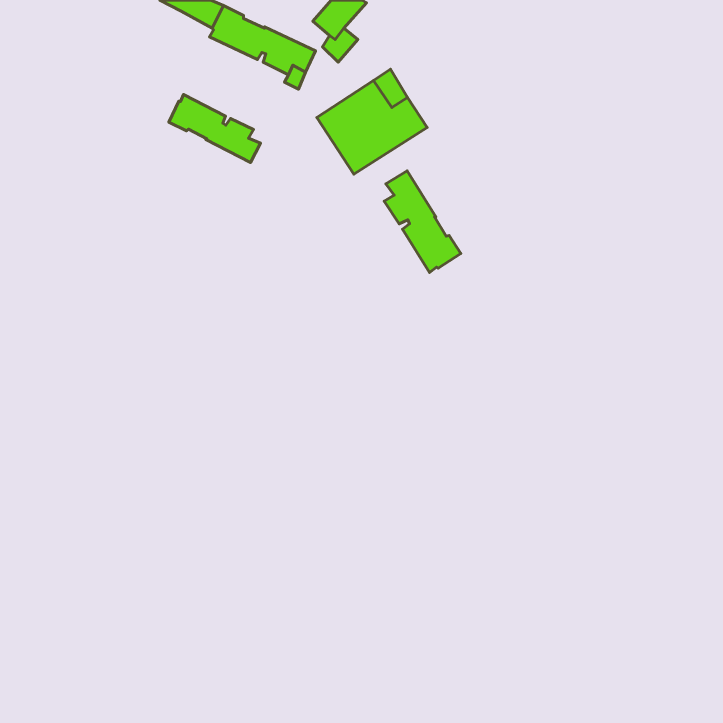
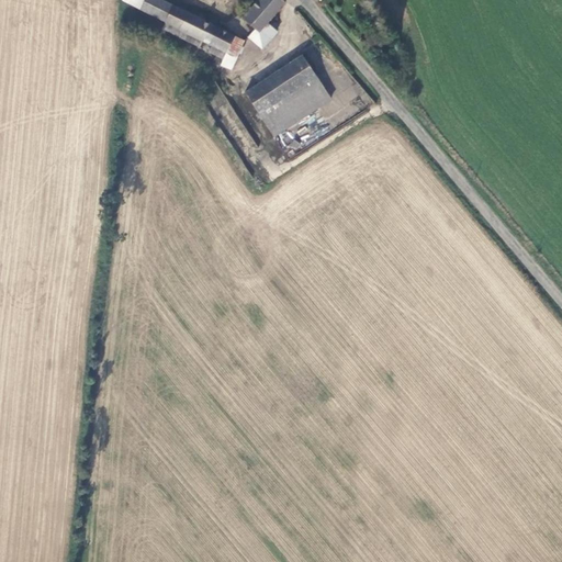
building: [169,94,260,162] -> none
building: [384,171,461,272] -> none

